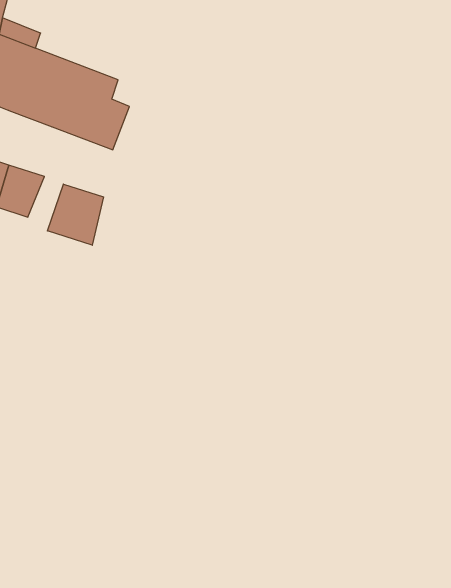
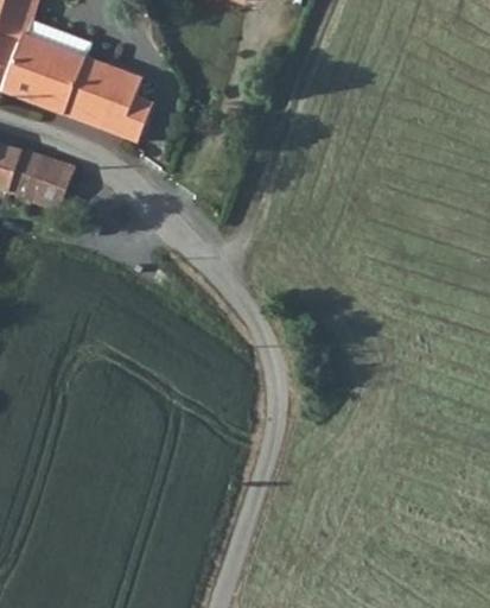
building: [47,184,103,245] -> none

